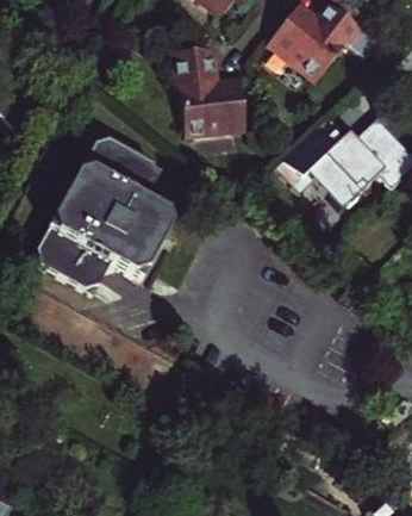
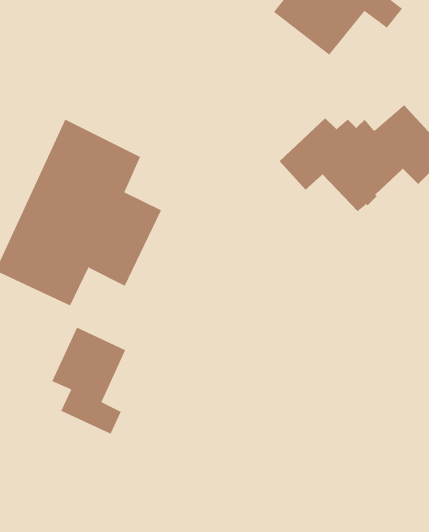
building: [175,48,243,133] -> none
building: none -> [52,327,126,435]

